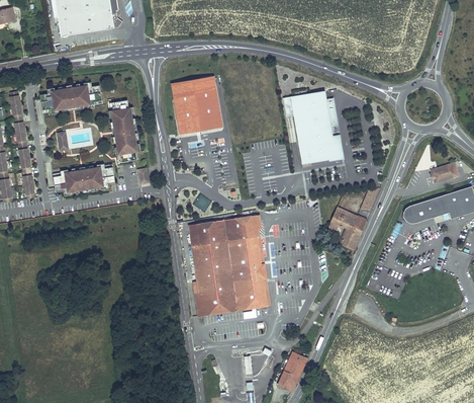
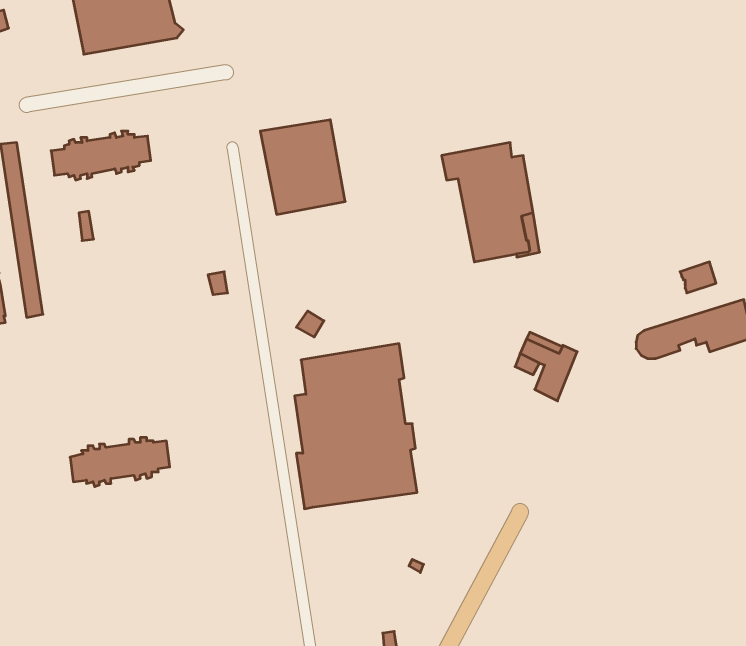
building: [110,100,140,162] -> none
building: [54,165,115,195] -> [70,438,170,487]
building: [277,352,306,392] -> none

